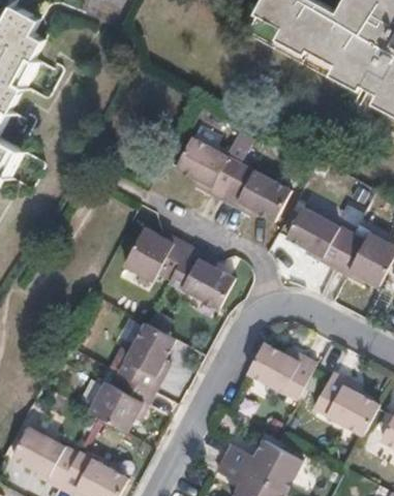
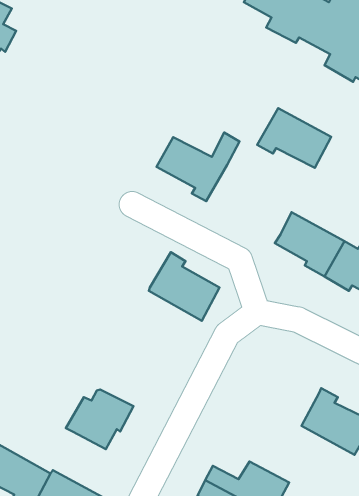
building: [222,164,292,220] -> [257,108,331,168]
building: [124,226,189,280] -> none
building: [118,322,175,390] -> none
building: [246,343,314,400] -> none

